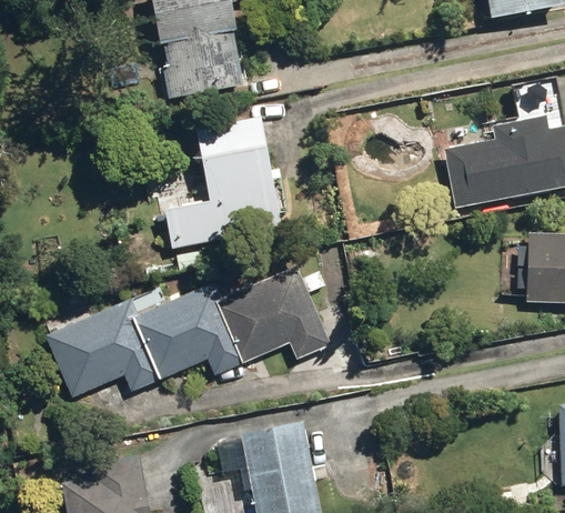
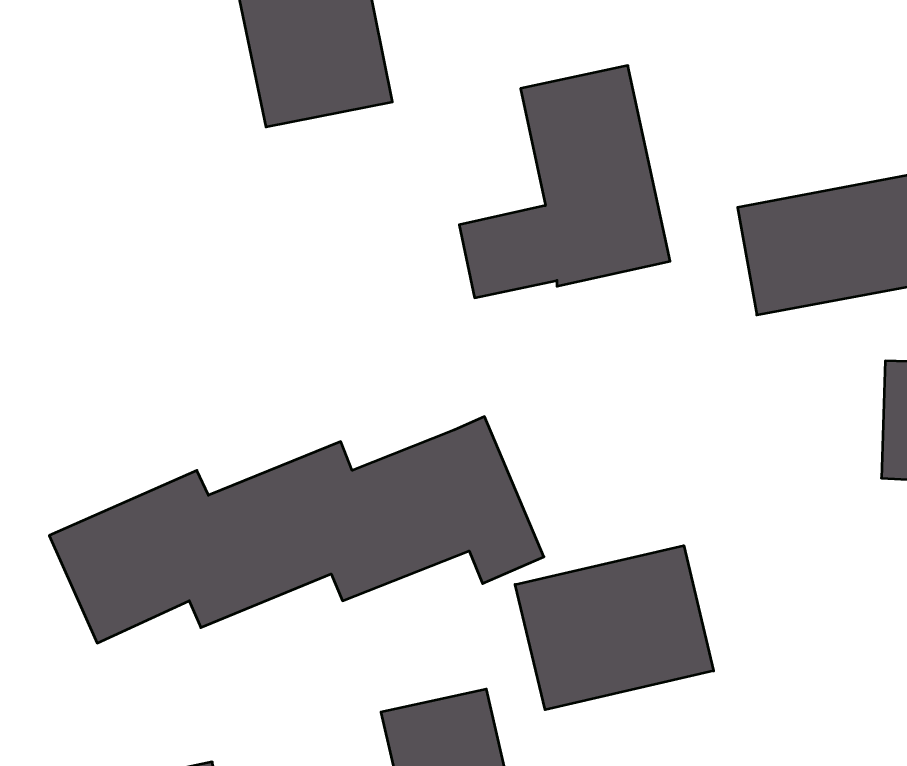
building: [165,115,287,250] -> [459,66,670,298]
building: none -> [515,546,714,710]

